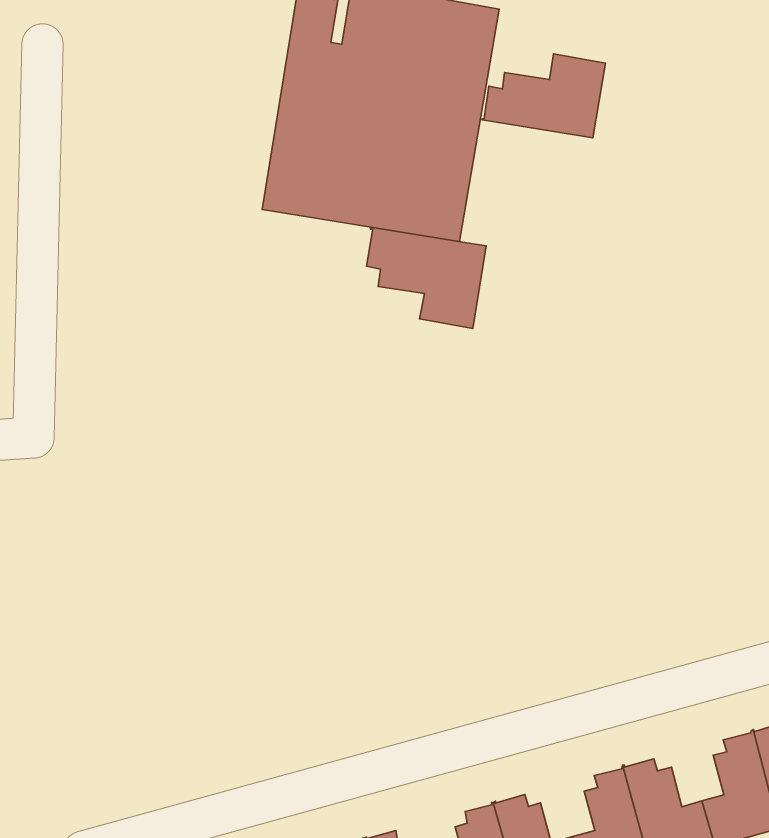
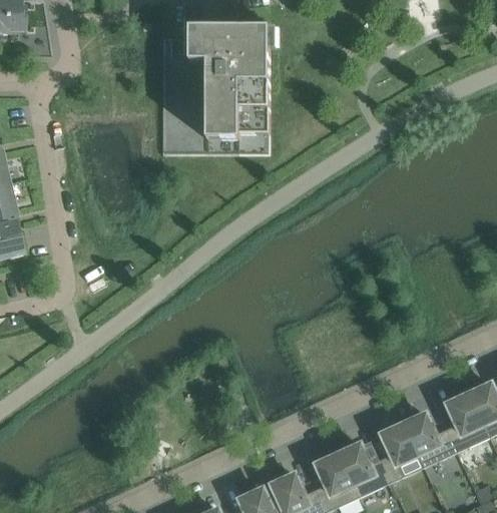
building: [480,54,606,138] -> none
building: [367,227,486,329] -> none

